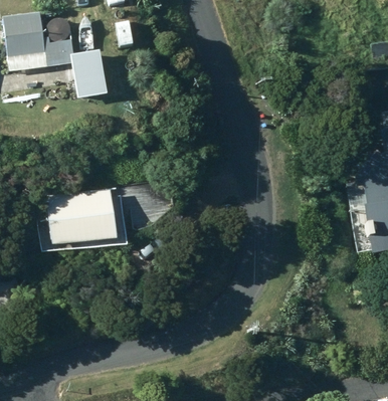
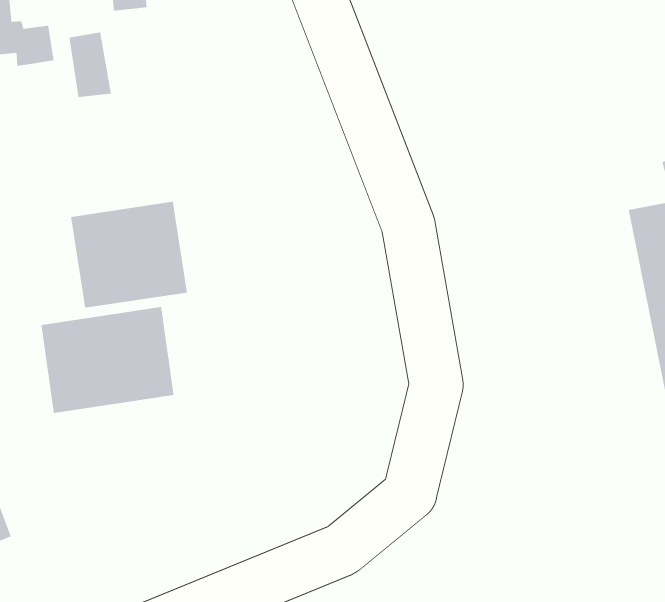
building: none -> [70,201,188,309]

